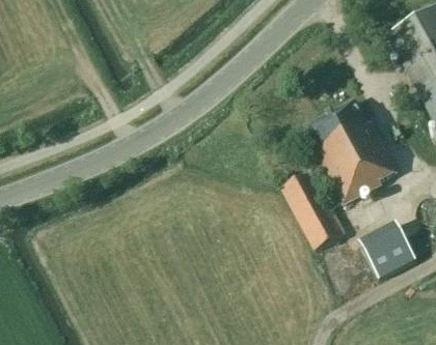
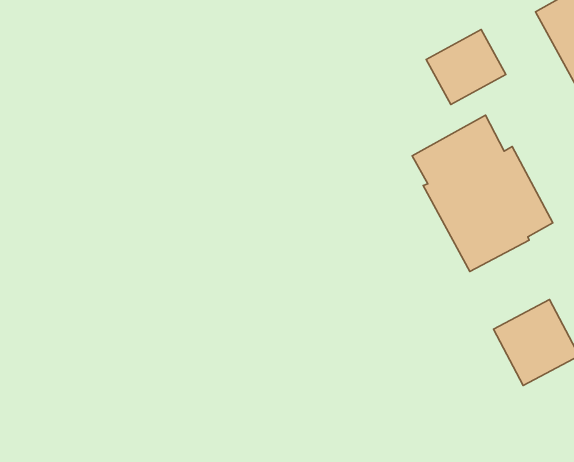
building: none -> [426,29,506,105]
building: [280,172,346,250] -> none

